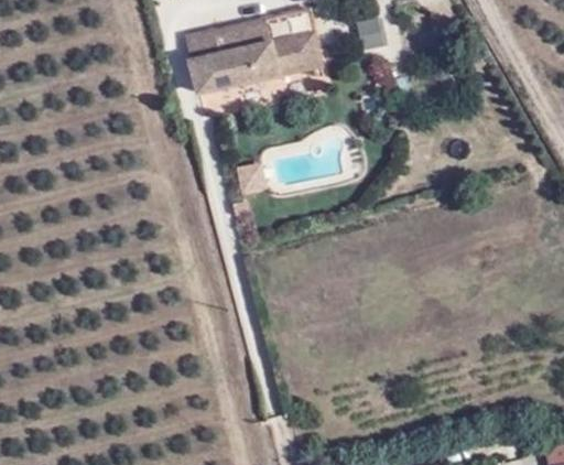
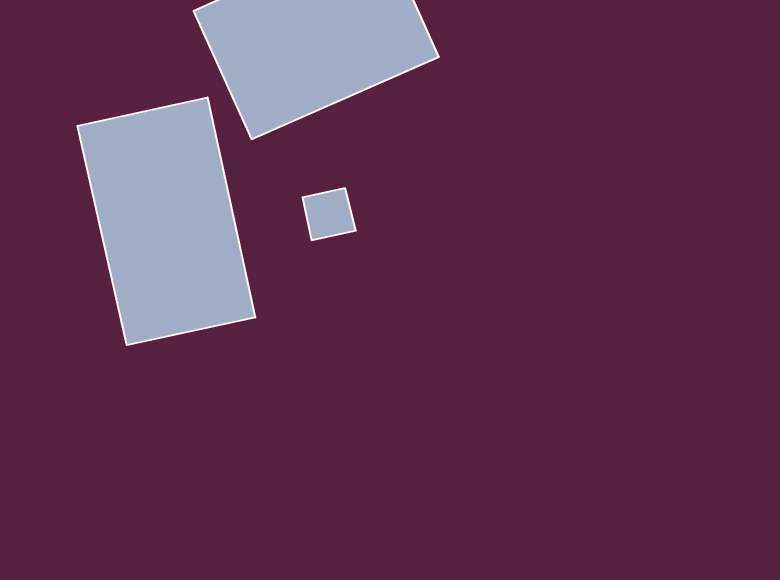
building: none -> [78,97,255,345]

